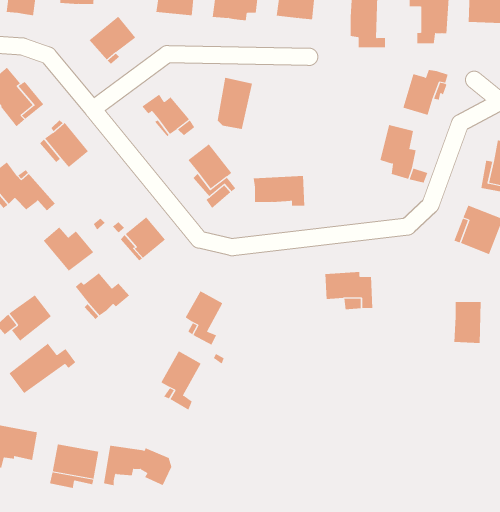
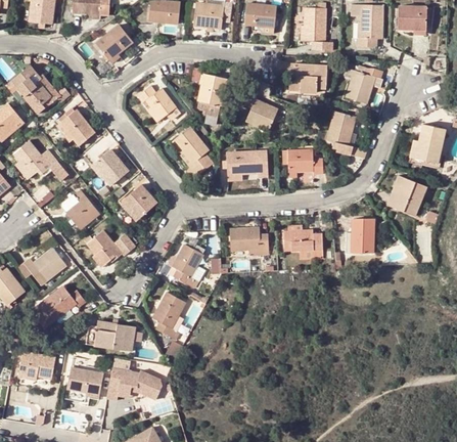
building: none -> [288,63,326,92]
building: none -> [244,90,277,129]
building: none -> [92,148,128,185]
building: none -> [287,148,322,174]
building: none -> [229,226,268,254]
building: [453,301,482,344] -> [351,218,373,252]
building: none -> [85,320,142,350]

